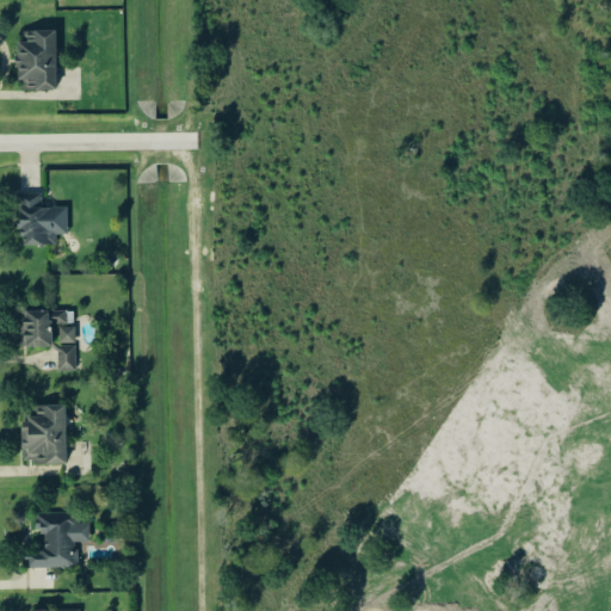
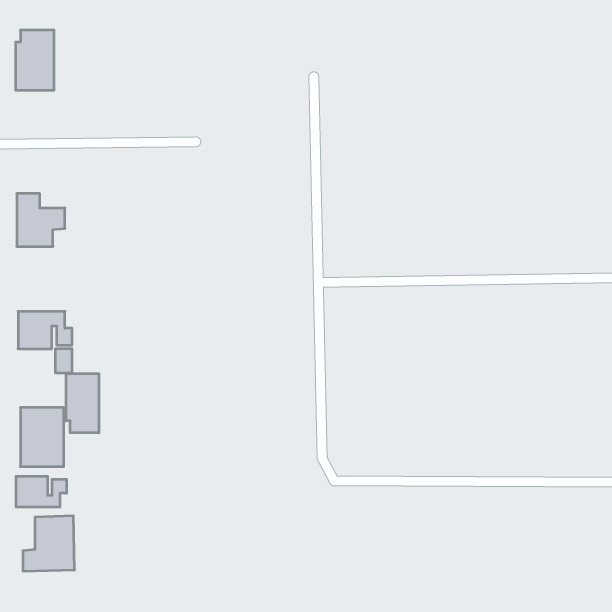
building: none -> [66,374,99,433]
building: none -> [16,476,67,507]

